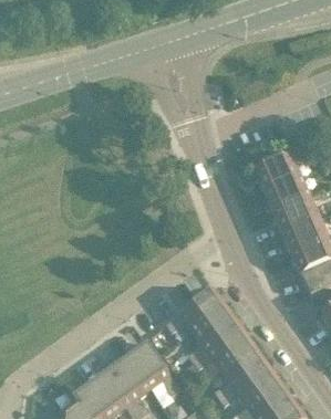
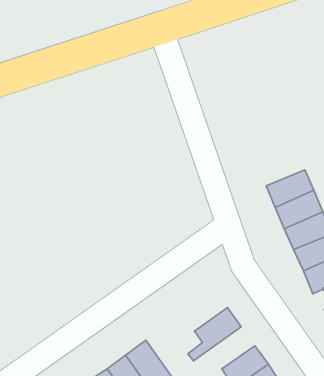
building: [254,153,301,190] -> none
building: [165,290,226,332] -> none
building: [193,327,252,368] -> none

